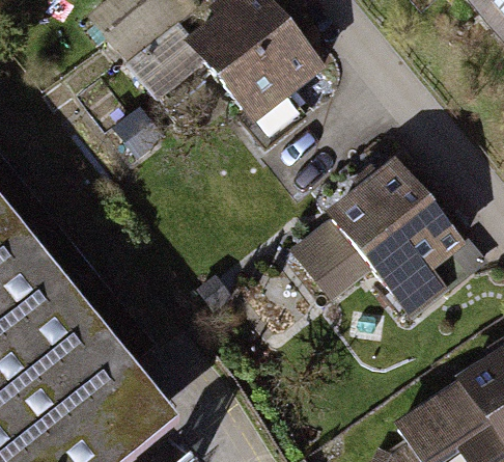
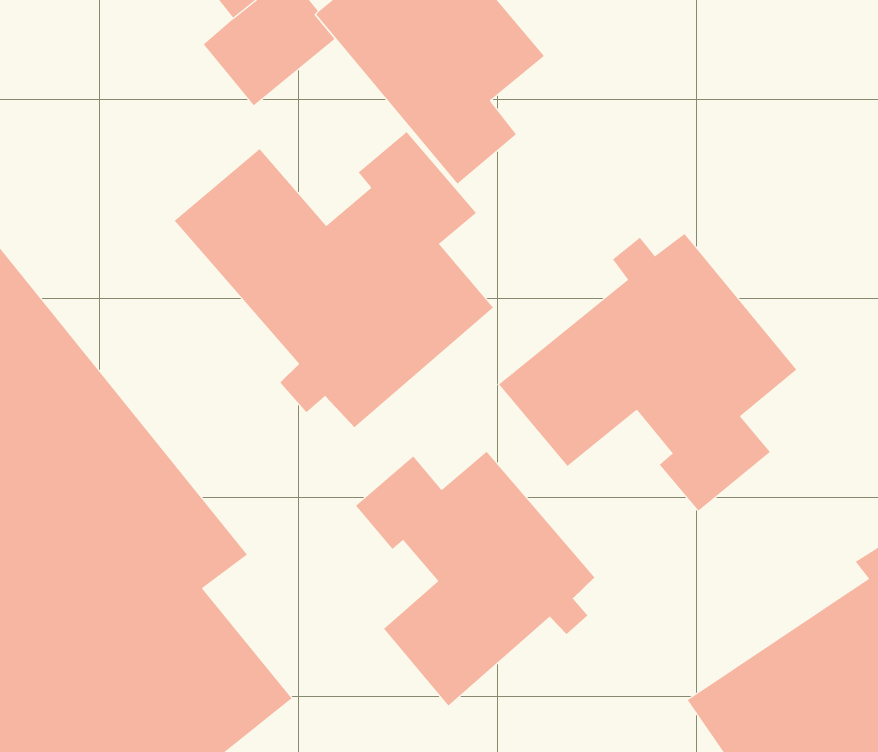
building: none -> [174,131,494,428]
building: none -> [355,451,595,706]

